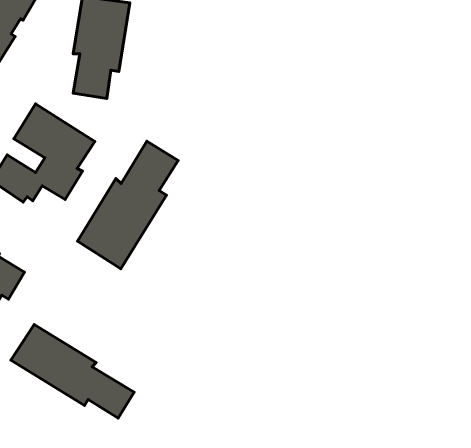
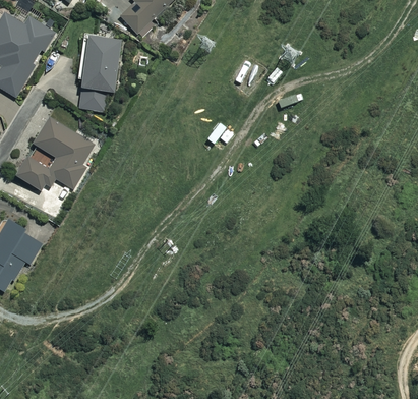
building: [78,141,178,269] -> none
building: [11,324,134,418] -> none

